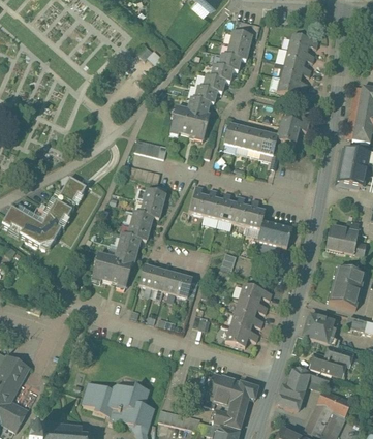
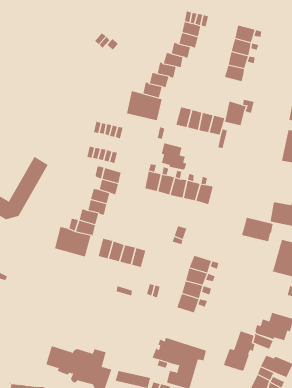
building: none -> [161,142,187,170]
building: [256,221,291,248] -> [241,217,274,242]
building: [303,314,335,343] -> none

